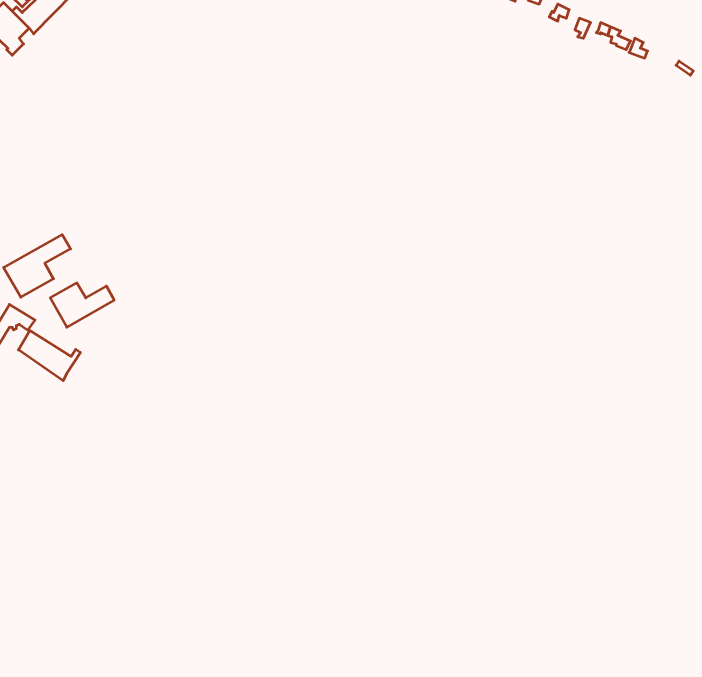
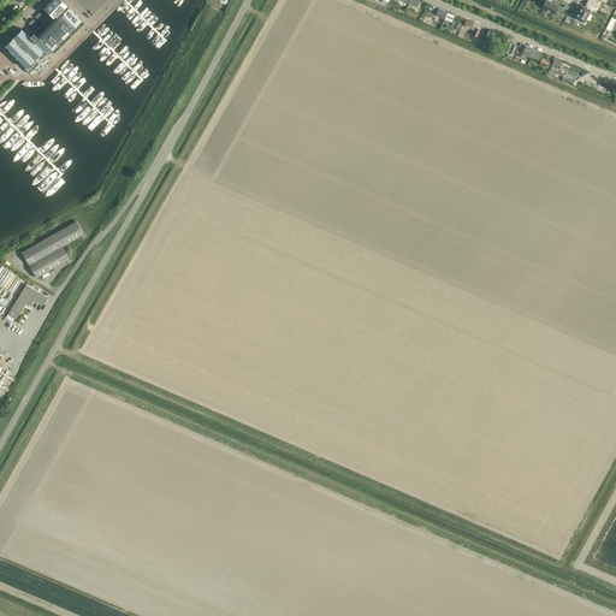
building: [50,283,114,327] -> none
building: [18,331,80,381] -> none

